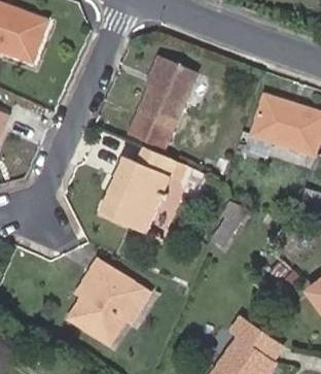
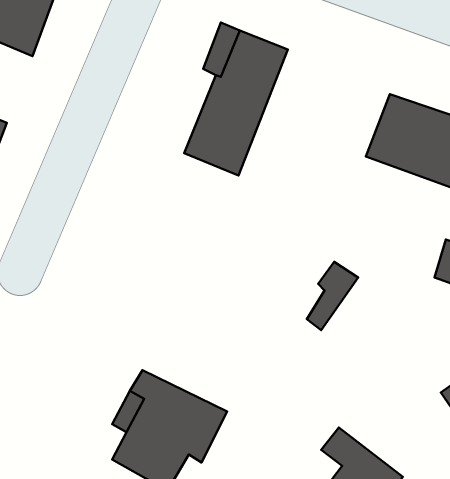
building: [108,143,194,232] -> none

